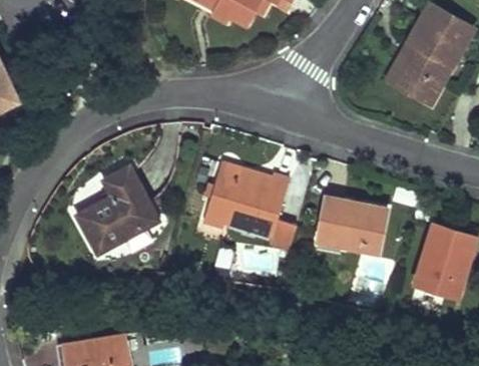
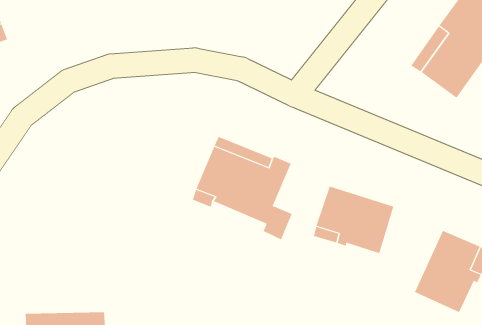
building: [76,165,158,255] -> none

